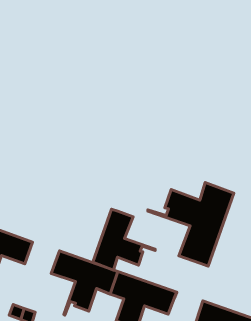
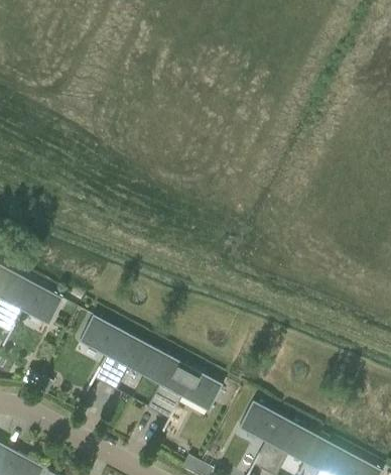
building: [148,182,234,266] -> none
building: [93,209,155,270] -> none

